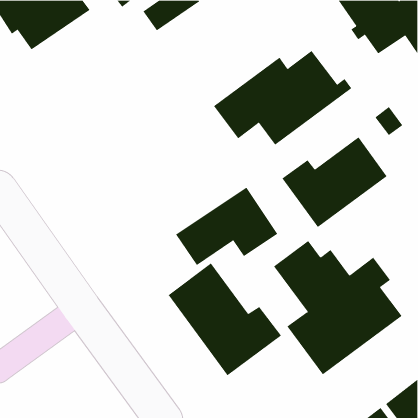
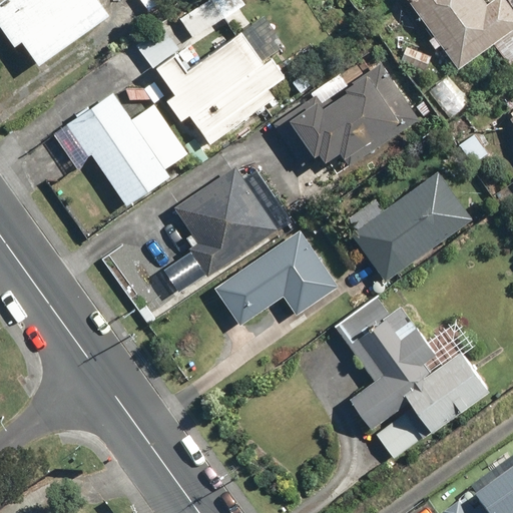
building: none -> [132,13,288,143]
building: none -> [53,92,189,206]
building: none -> [172,165,292,279]
building: [168,263,282,376] -> none

